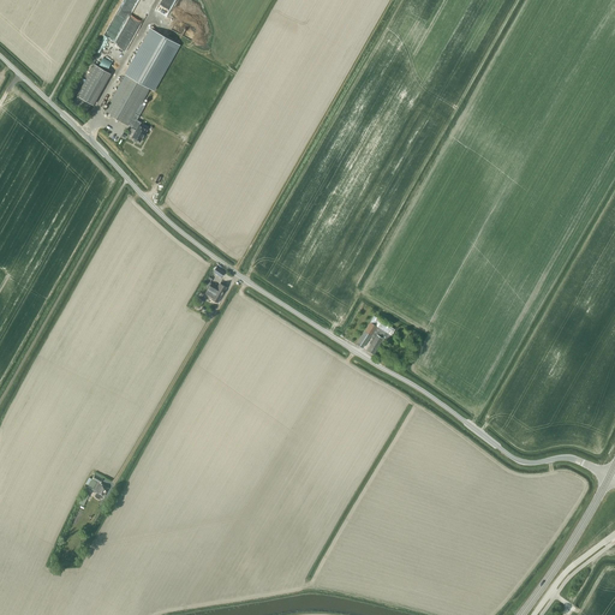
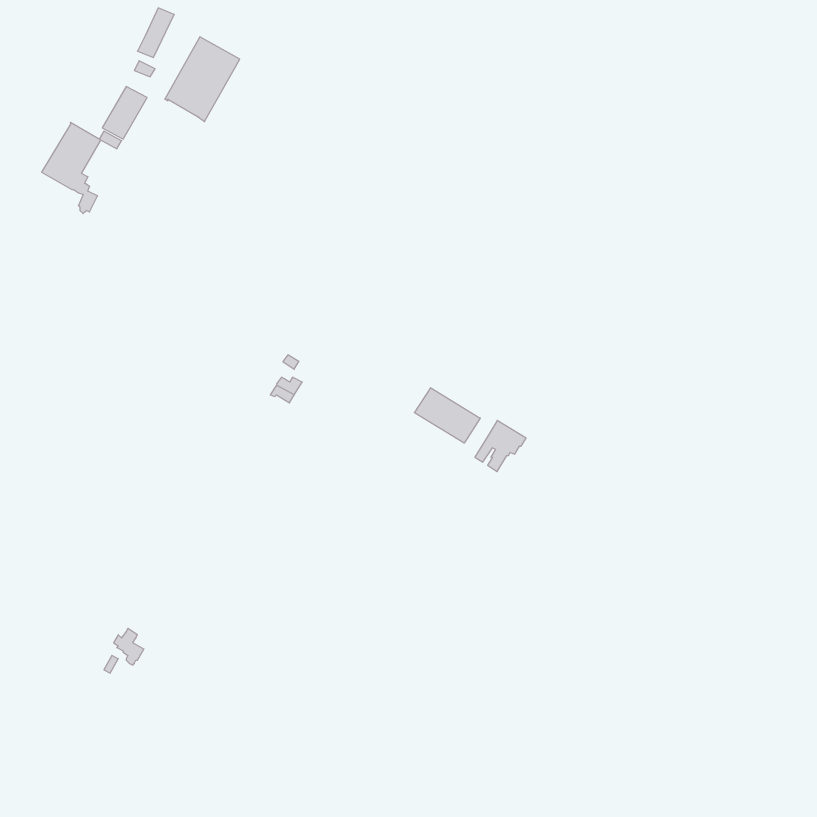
building: [105,74,149,143] -> [42,122,101,214]
building: none -> [414,388,480,443]

